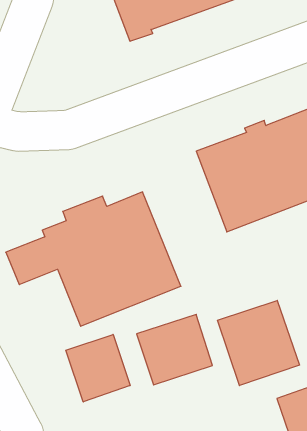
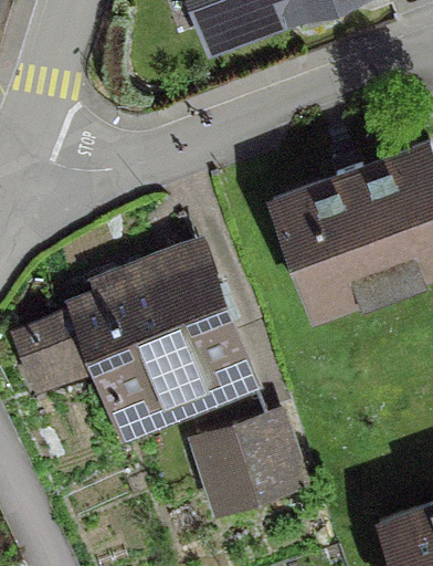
building: [218,300,300,386] -> none
building: [66,334,130,402] -> none

